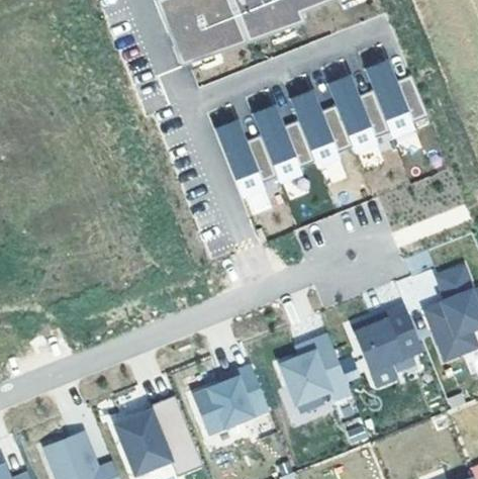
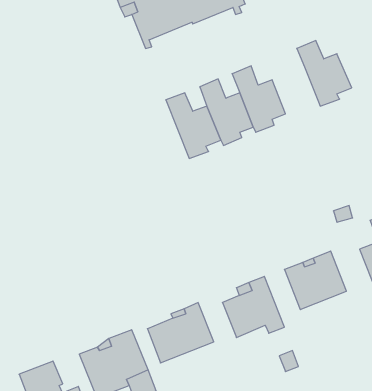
building: [327,76,390,153] -> none

